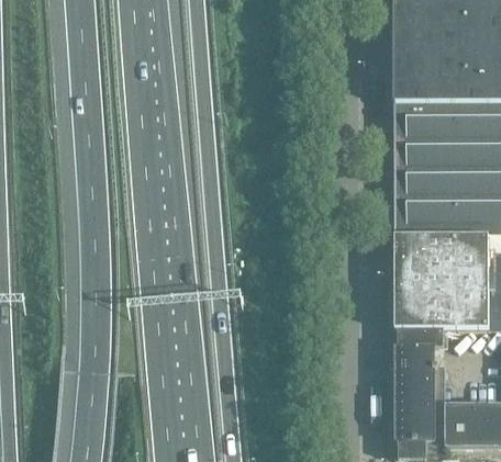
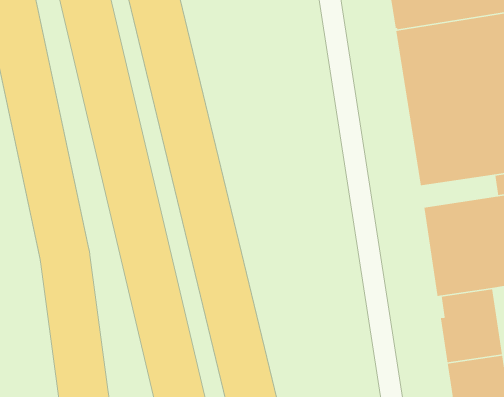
building: [397,233,459,250] -> none

